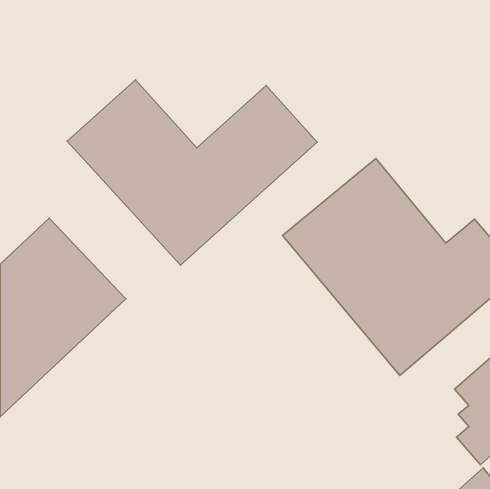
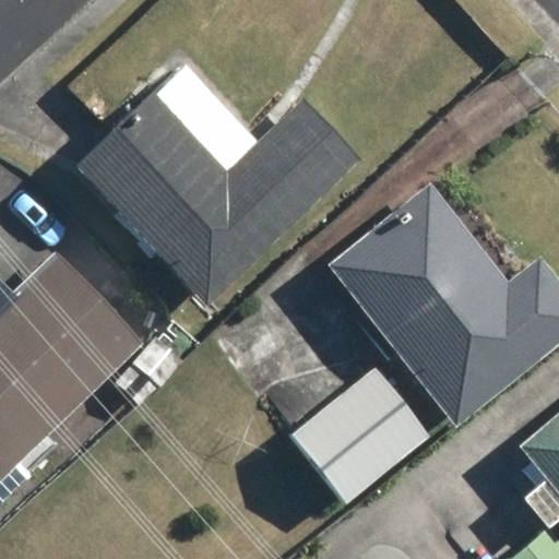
building: none -> [283,362,433,509]

